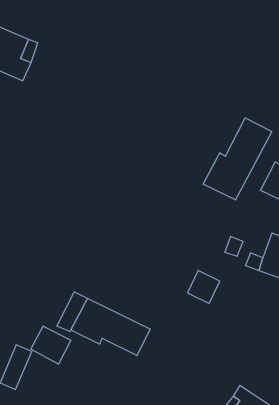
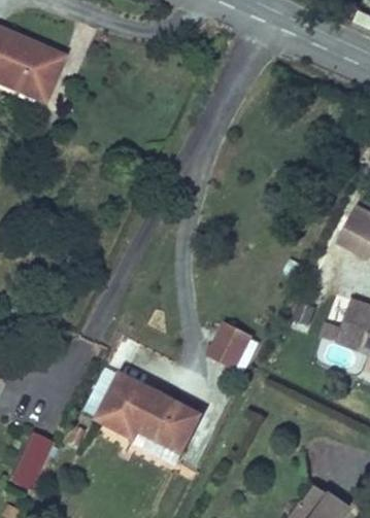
building: [203,118,272,200] -> none
building: [188,270,220,304] -> [209,323,249,365]
building: [31,326,71,364] -> none

